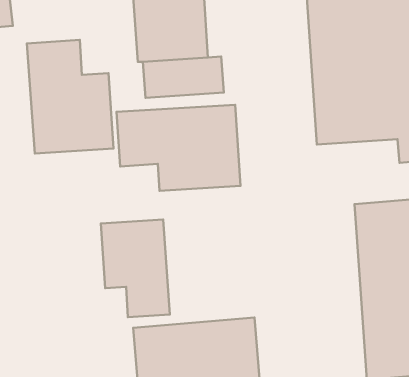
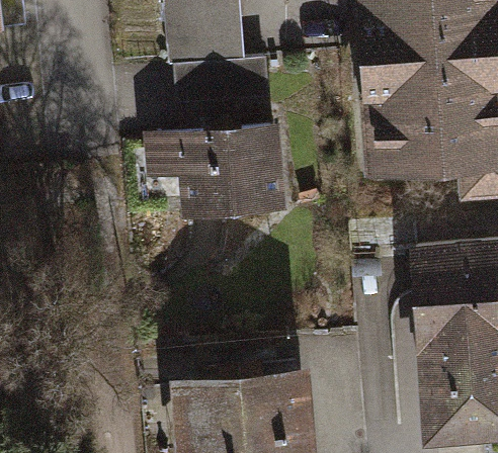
building: [27,40,113,154] -> none
building: [101,219,170,317] -> none

